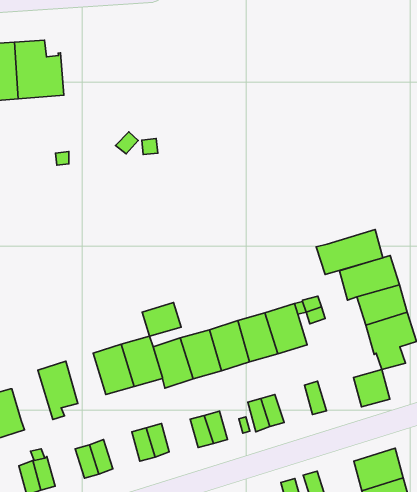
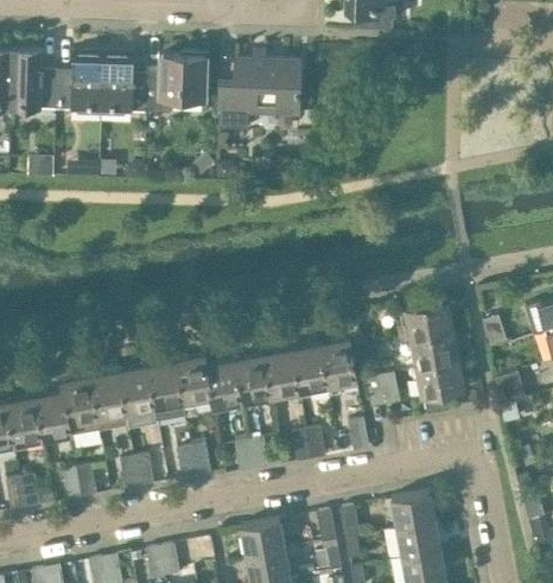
building: none -> [218,58,300,128]
building: none -> [146,56,205,113]
building: [316,229,383,275] -> none
building: [142,302,181,336] -> none
building: none -> [120,367,155,414]
building: [353,370,390,407] -> [366,372,399,406]
building: none -> [61,378,101,427]

